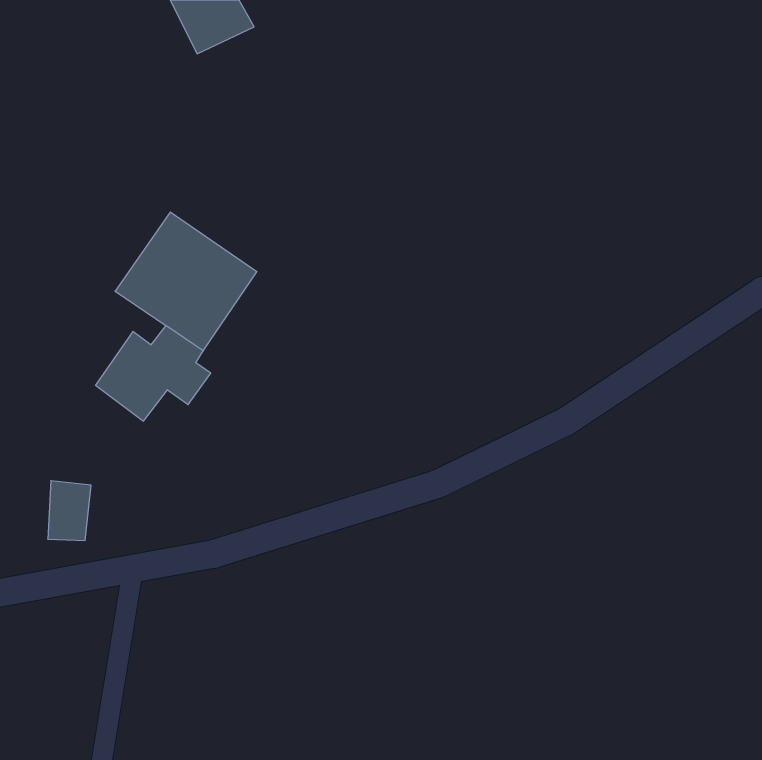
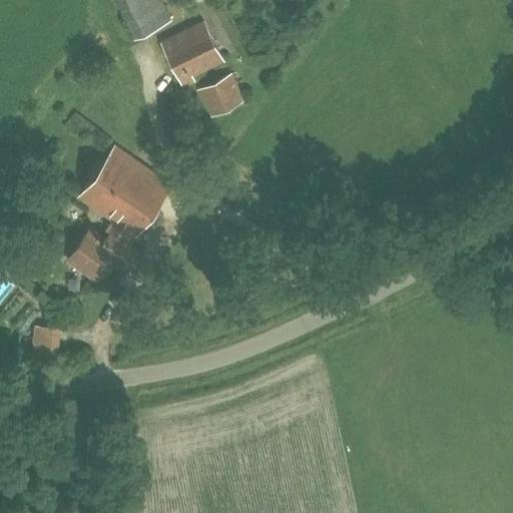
building: none -> [160,21,224,88]
building: none -> [196,73,244,118]

